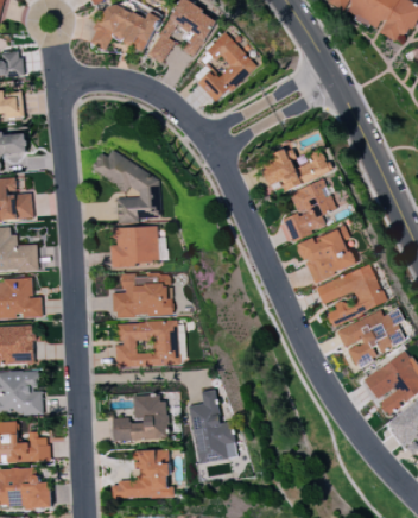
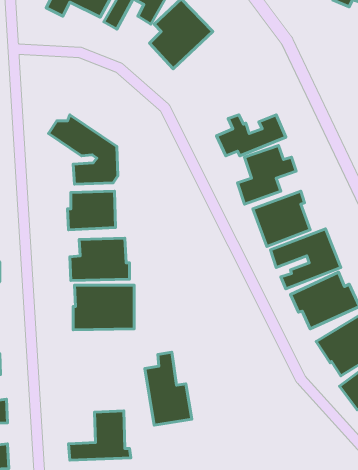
building: [113,397,169,441] -> none

